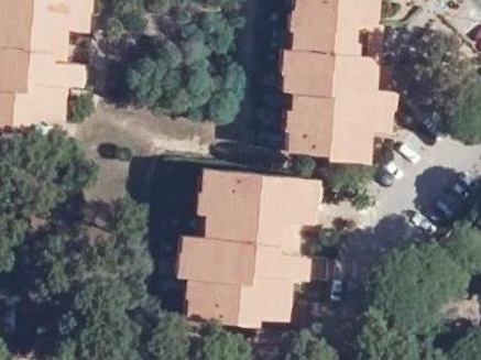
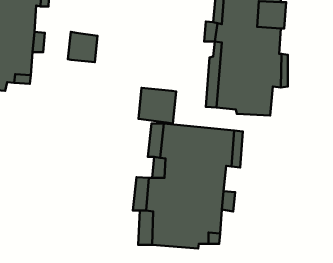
building: none -> [68,32,98,62]
building: none -> [139,88,176,124]

